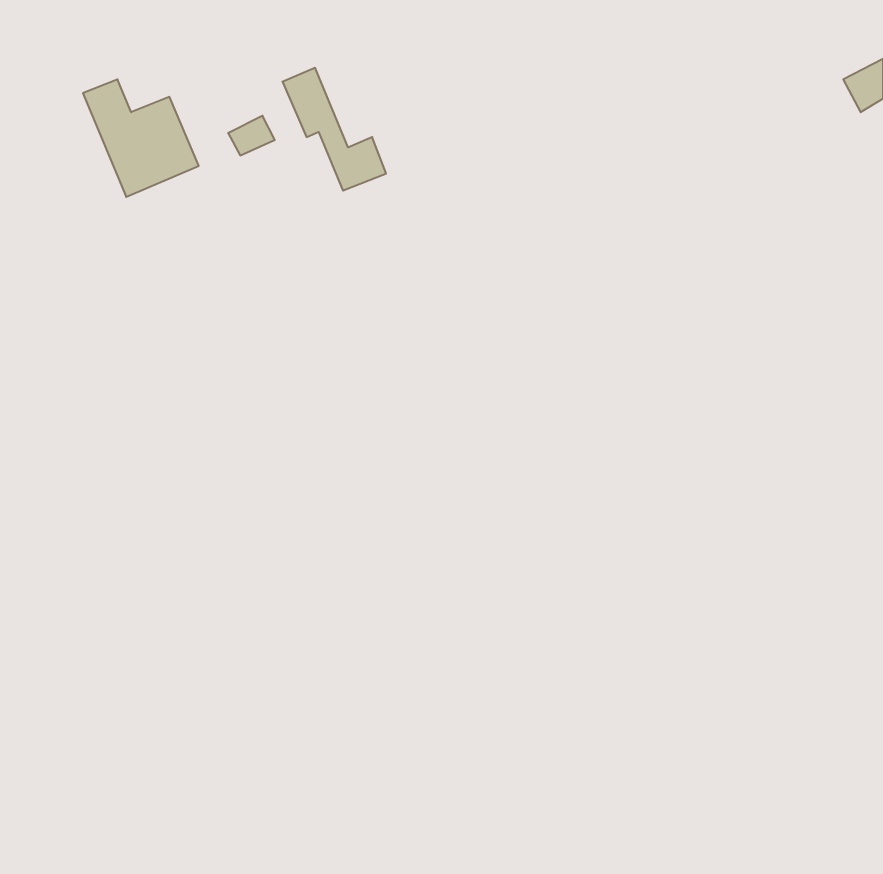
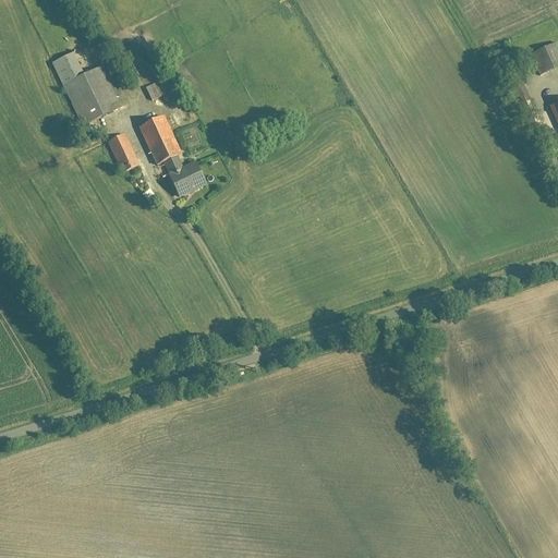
building: [282,68,386,191] -> [141,117,206,194]
building: none -> [107,132,138,170]

